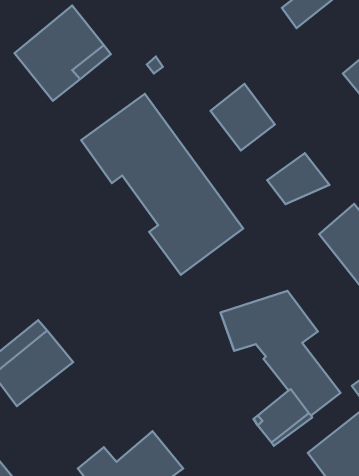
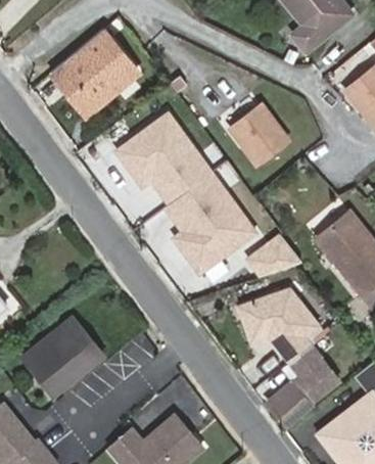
building: [267,153,330,204] -> [244,232,300,278]

